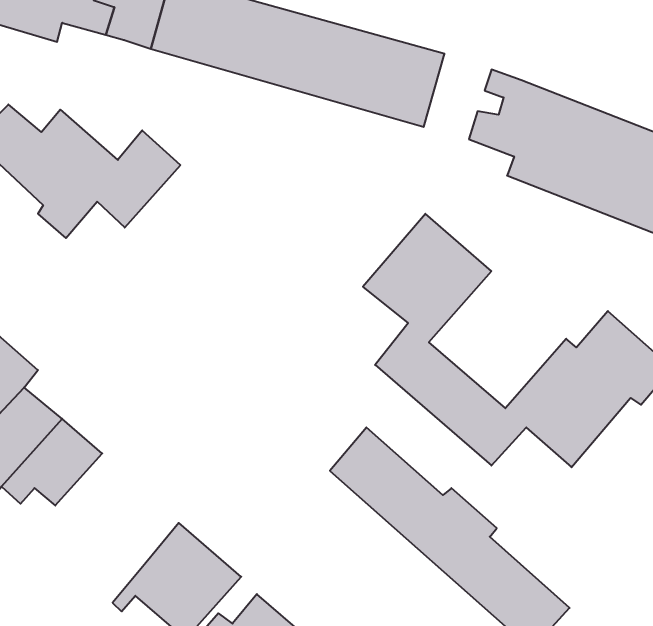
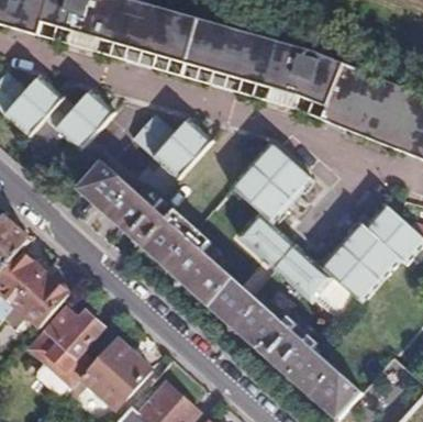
building: none -> [270,41,321,95]
building: none -> [134,113,214,179]
building: none -> [81,163,234,304]
building: none -> [29,309,104,392]

